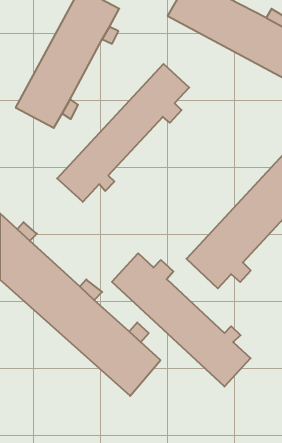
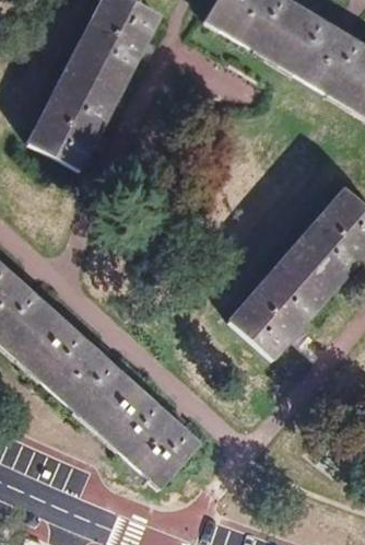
building: [57,64,189,202] -> none
building: [112,253,251,387] -> none

